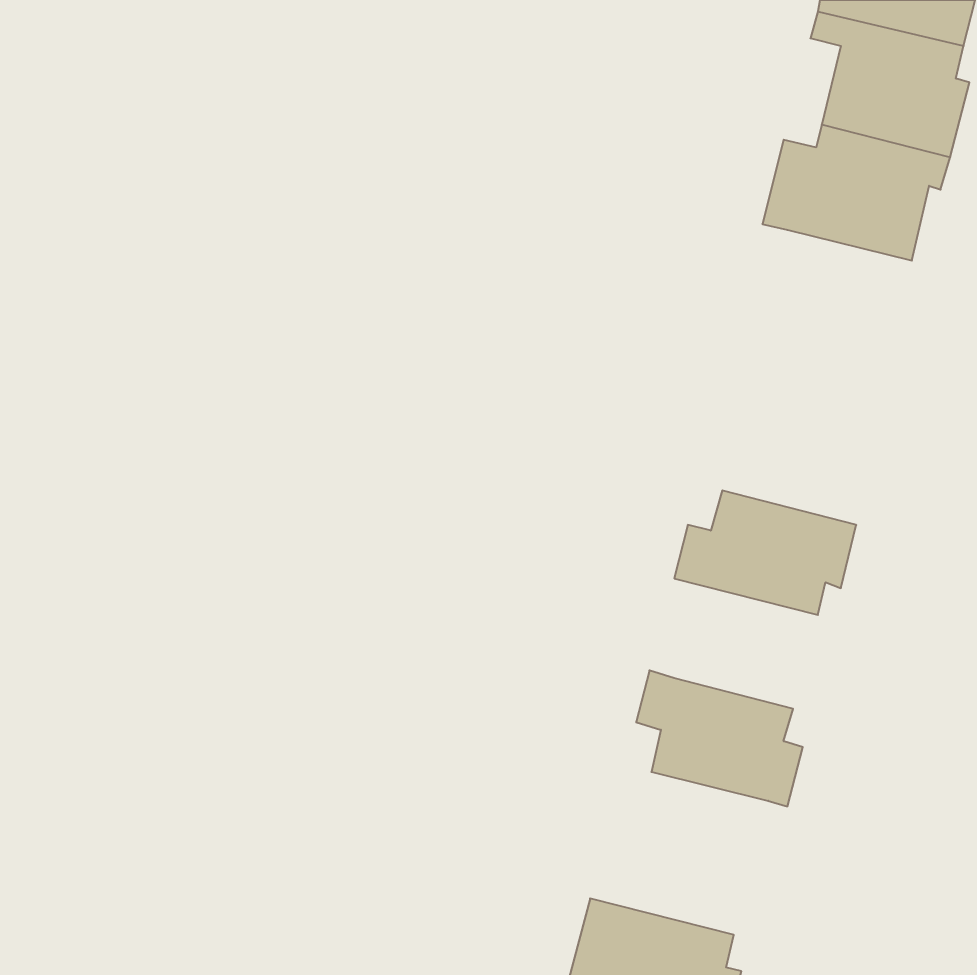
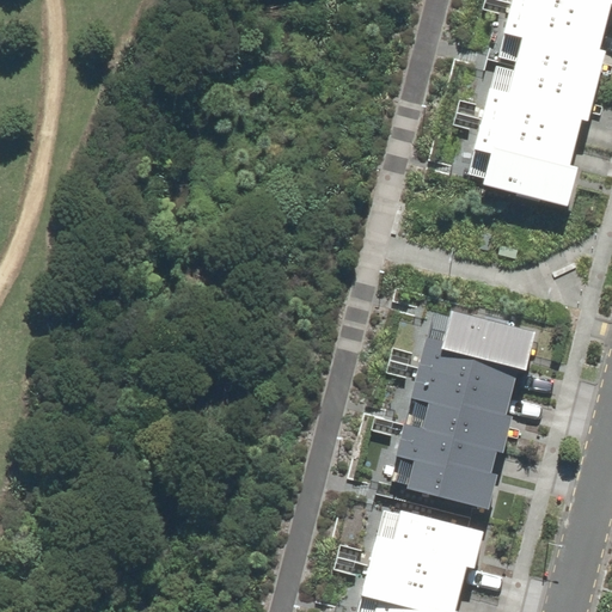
building: none -> [482,146,576,204]
building: none -> [412,363,515,447]
building: none -> [368,504,483,586]

